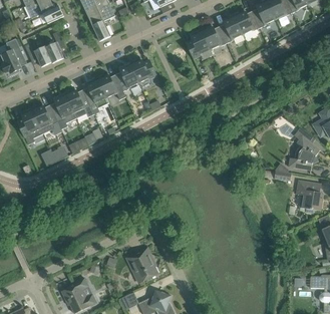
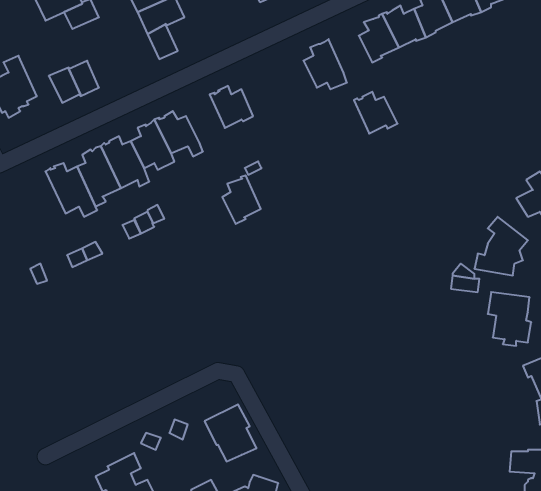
building: [201,24,227,49] -> [354,92,398,134]
building: [115,62,138,91] -> [222,175,261,224]
building: [17,108,43,146] -> none

